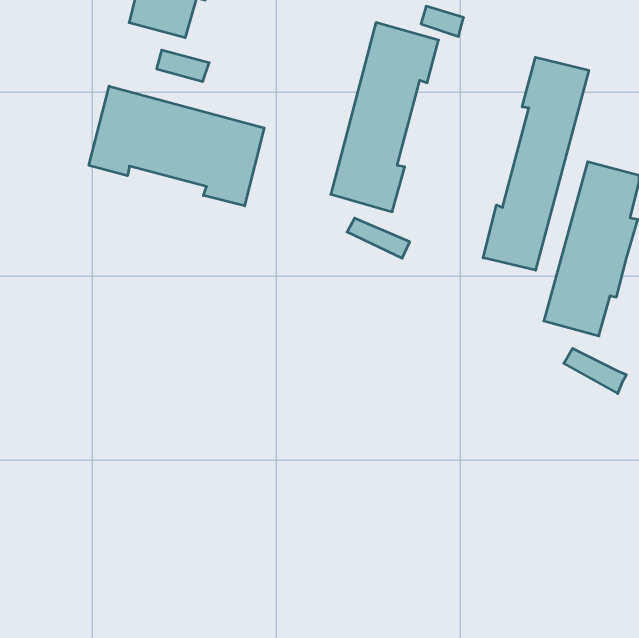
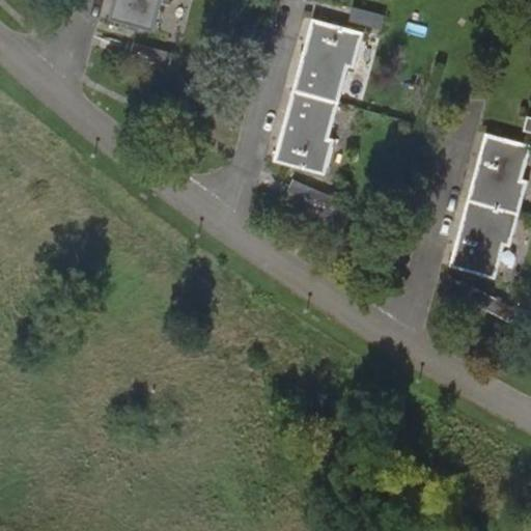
building: [483,57,589,270] -> none
building: [89,86,264,206] -> none

